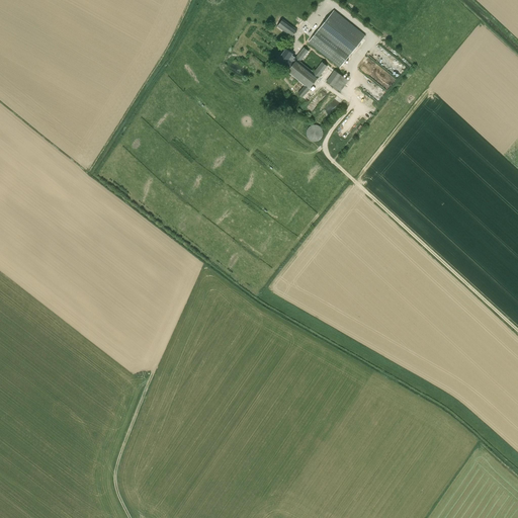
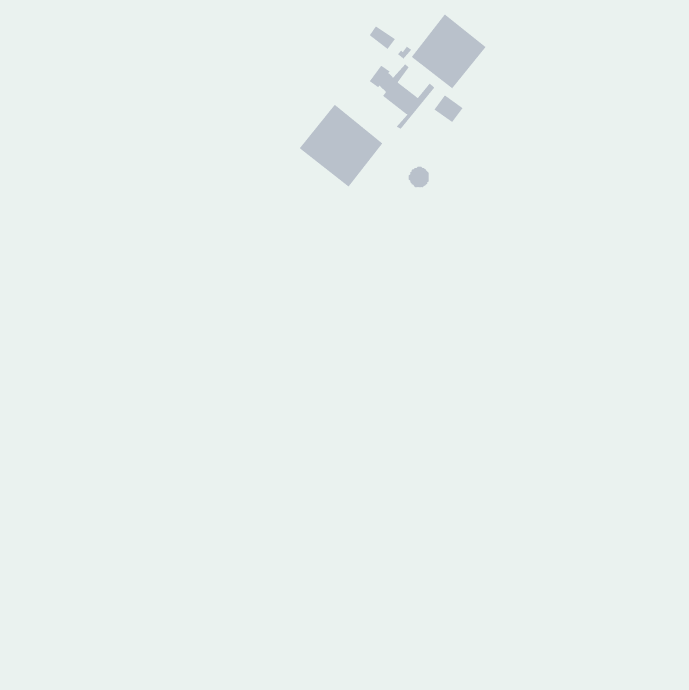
building: none -> [299,104,383,187]

